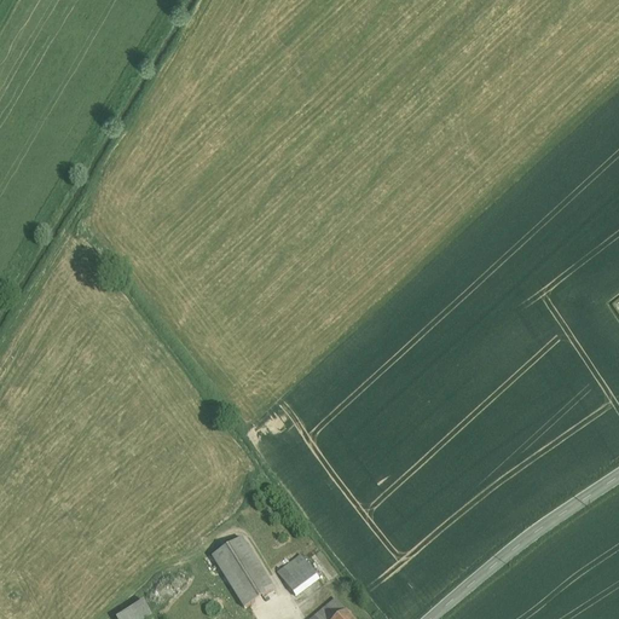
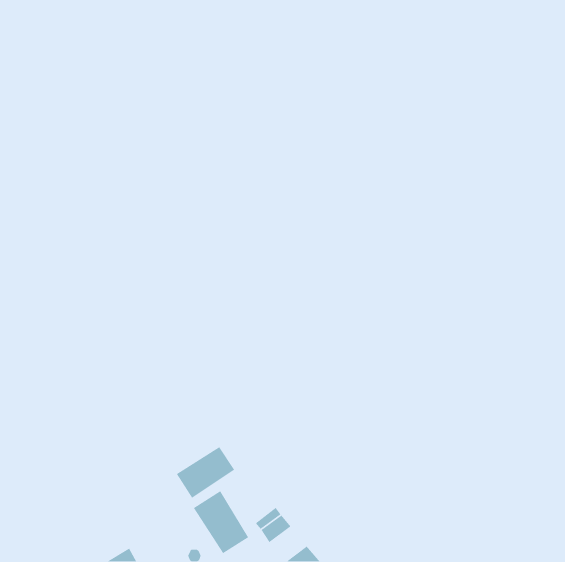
building: none -> [176,446,235,499]

